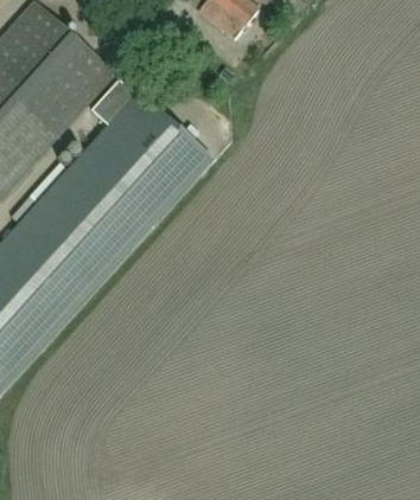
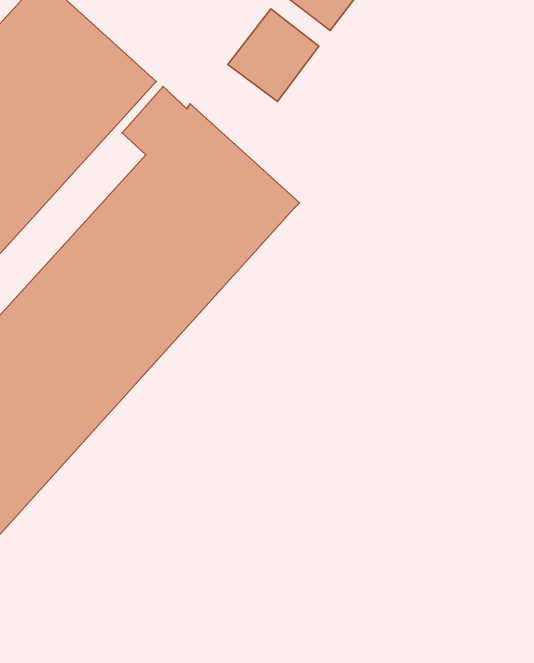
building: none -> [228,9,319,101]

